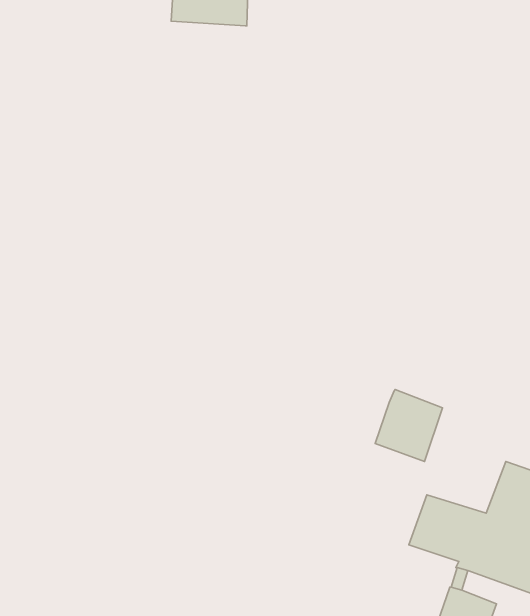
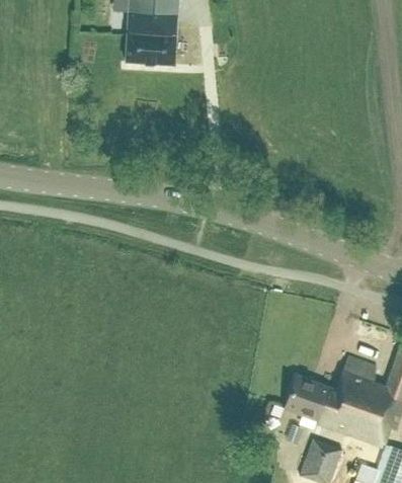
building: [375,389,443,462] -> none

